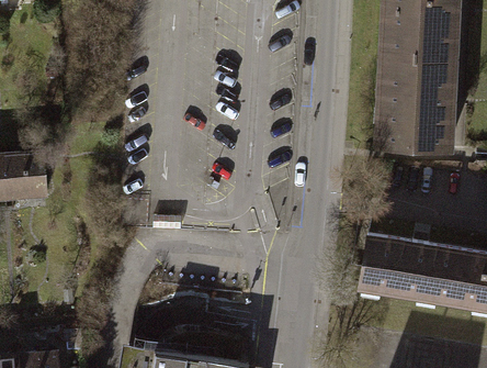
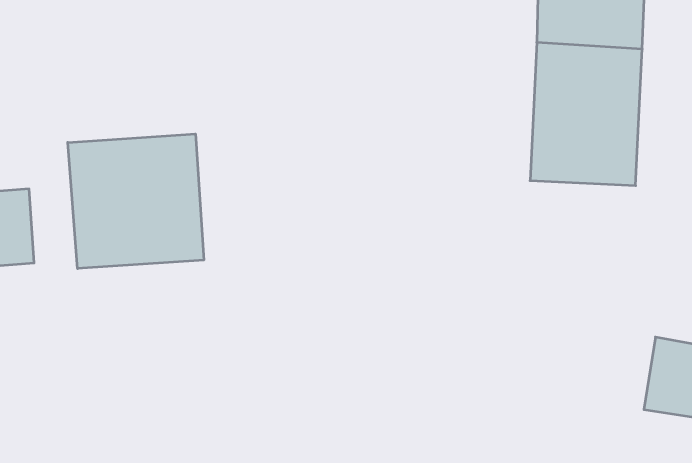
building: none -> [68,134,204,269]
building: [360,235,462,299] -> none

